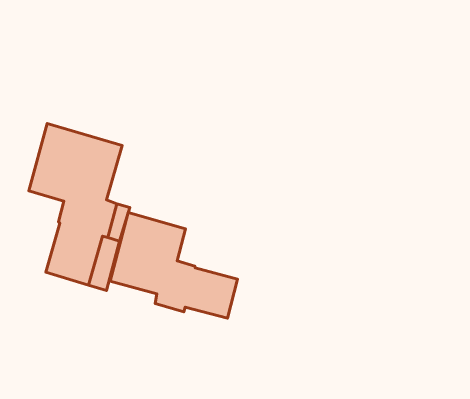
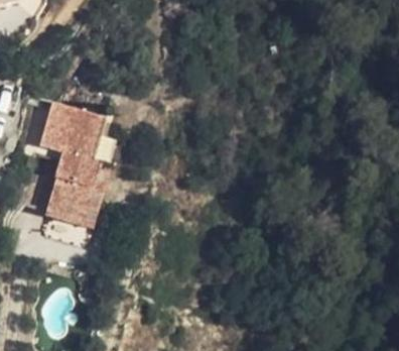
building: [110,213,237,318] -> none

